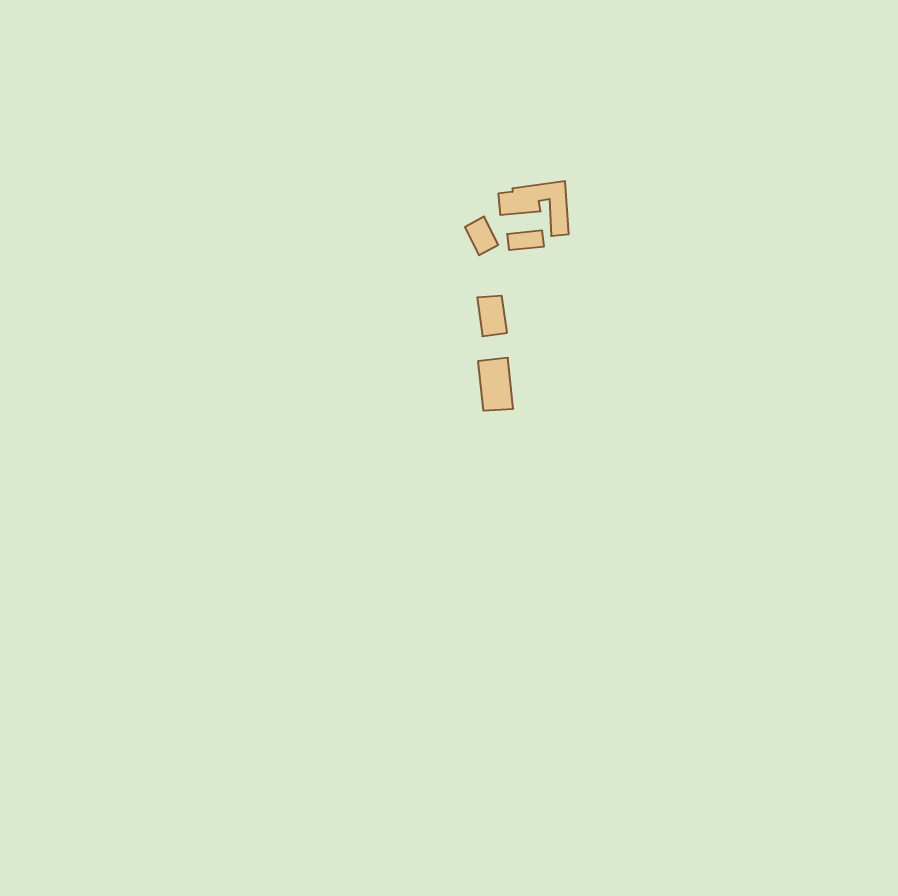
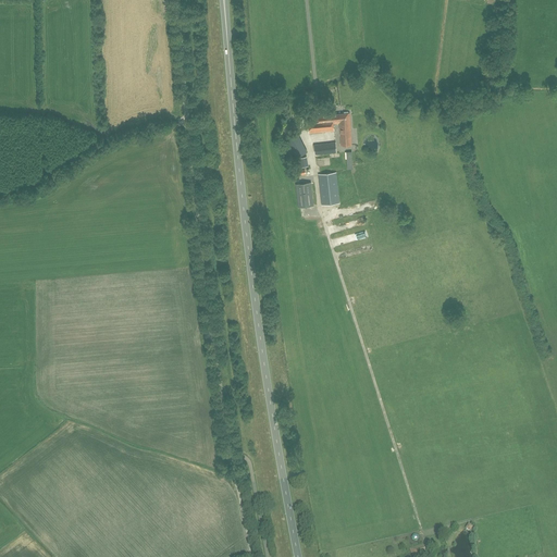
building: [478,358,513,411] -> [319,174,341,207]

